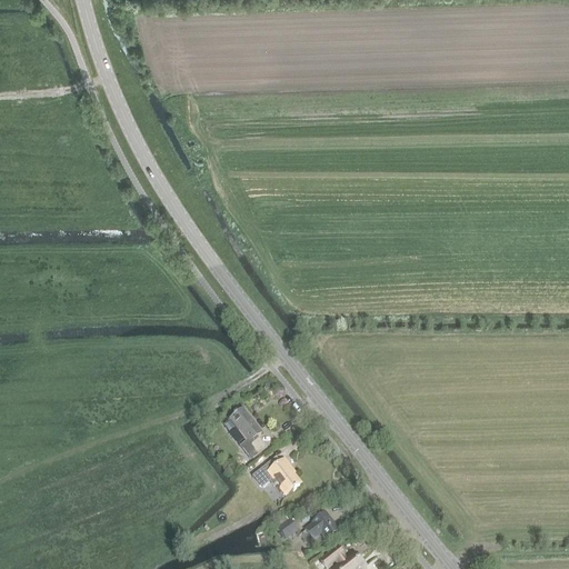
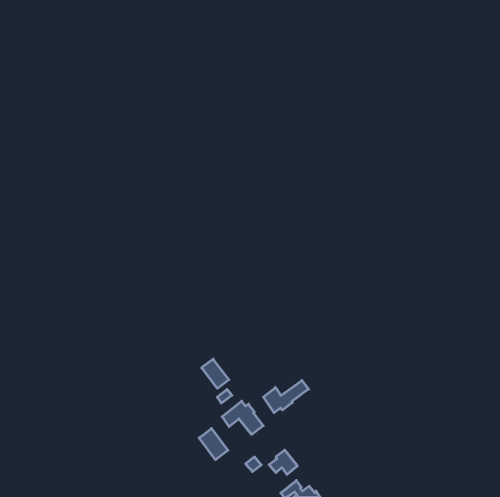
building: none -> [263,380,309,413]
building: none -> [199,428,228,460]

